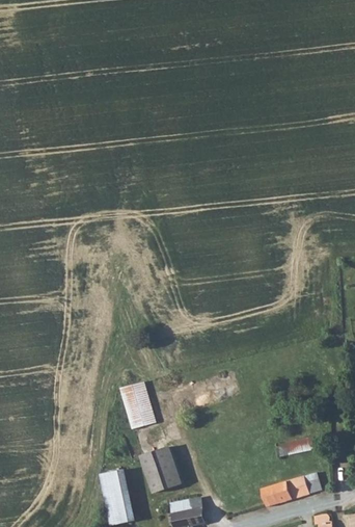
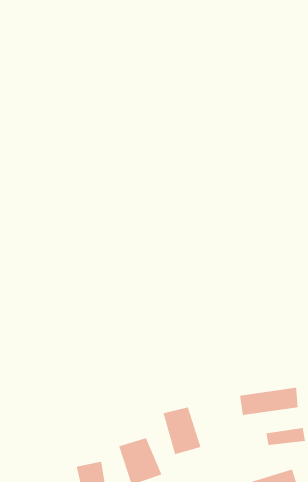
building: [119,381,157,428] -> [163,406,202,455]
building: none -> [239,387,299,416]

